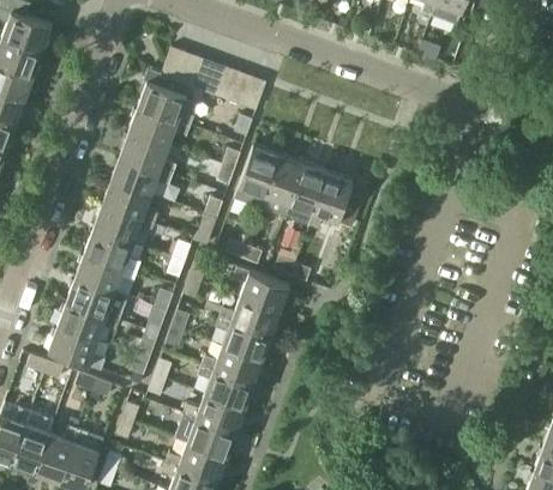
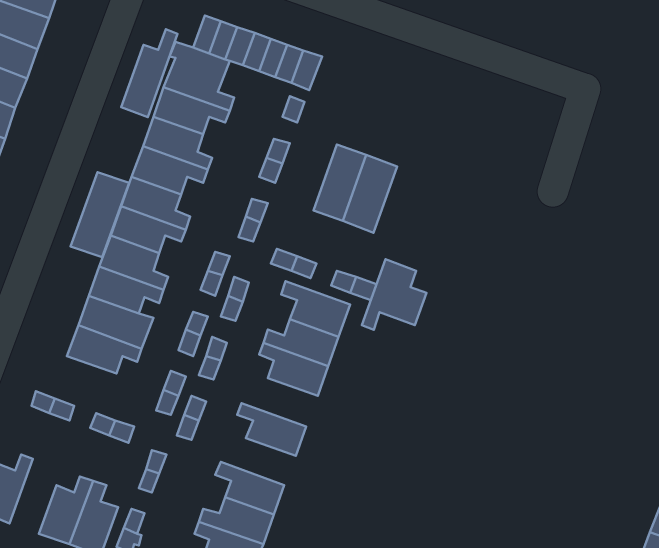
building: none -> [121,29,178,117]
building: [234,145,278,207] -> none
building: [308,171,361,229] -> [362,259,427,330]
building: none -> [71,172,129,257]
building: [49,326,106,369] -> none
building: [200,344,263,383] -> none
building: [184,393,245,431] -> none
building: [11,410,49,471] -> none

